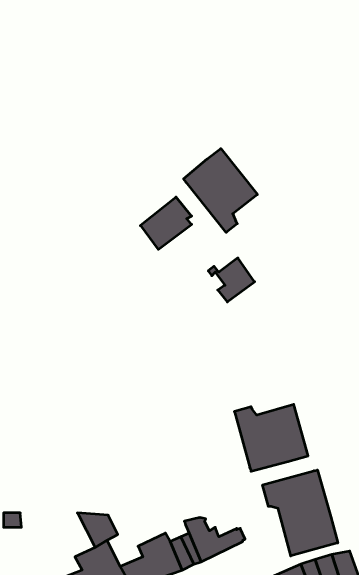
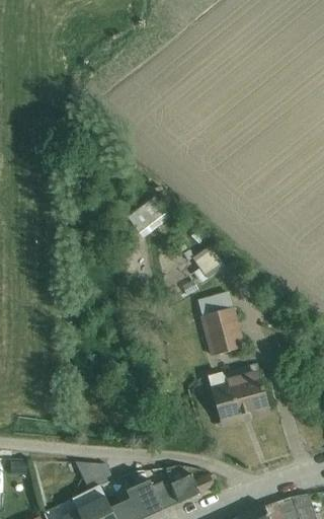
building: [184,149,257,232] -> none
building: none -> [197,292,245,357]
building: [263,470,338,556] -> none

